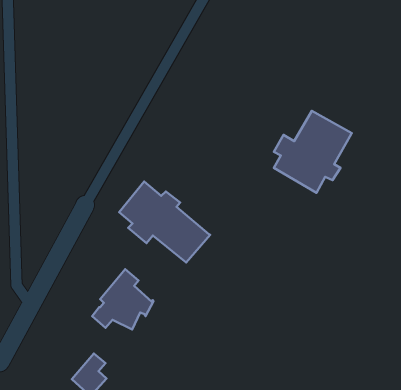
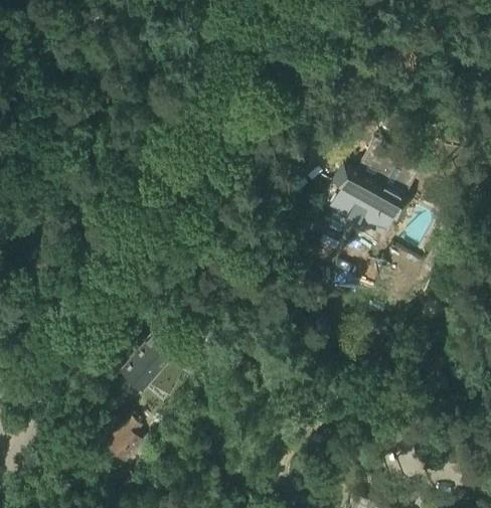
building: [119,181,210,263] -> none

